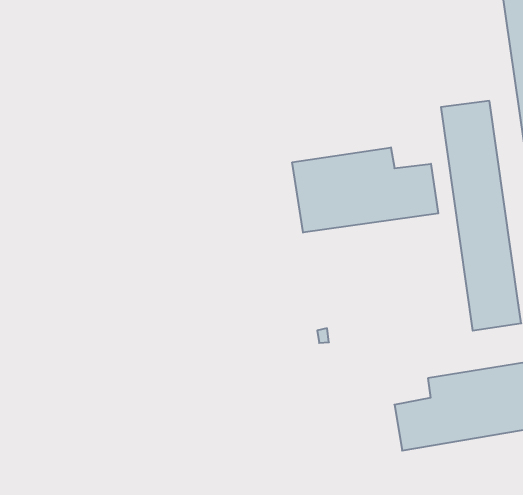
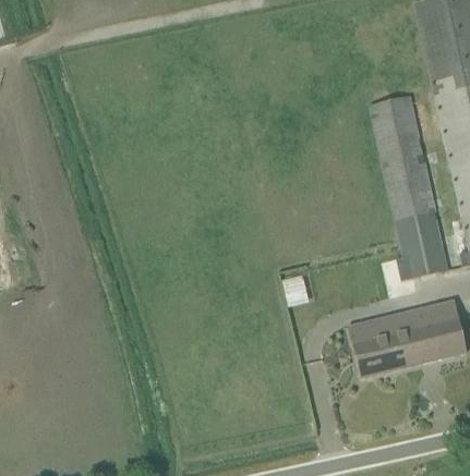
building: [292,147,438,233] -> none

